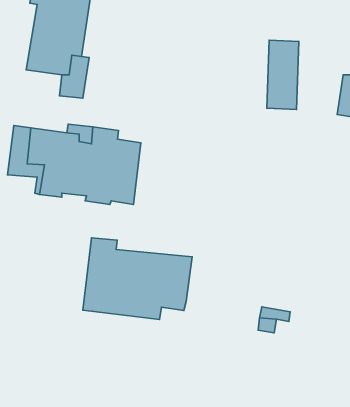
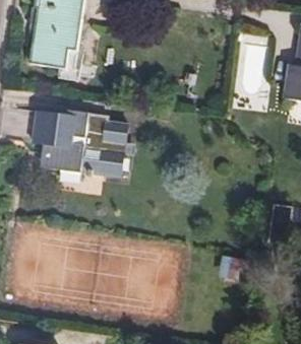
building: [83,238,192,319] -> none

